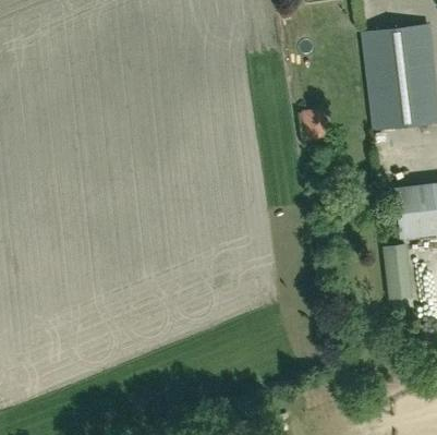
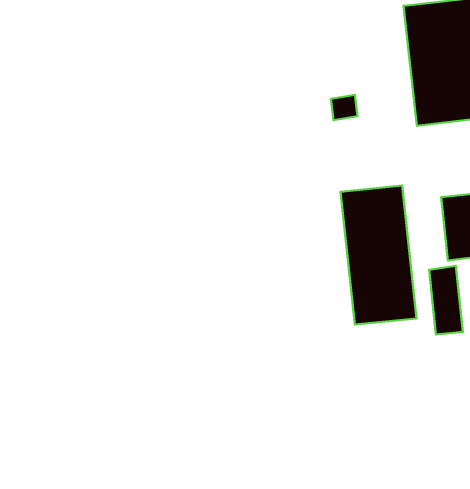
building: none -> [341,186,416,325]

